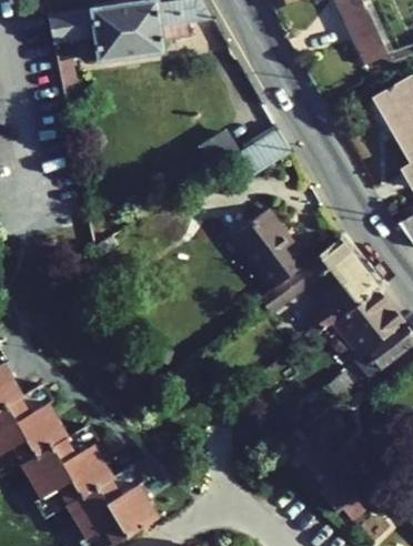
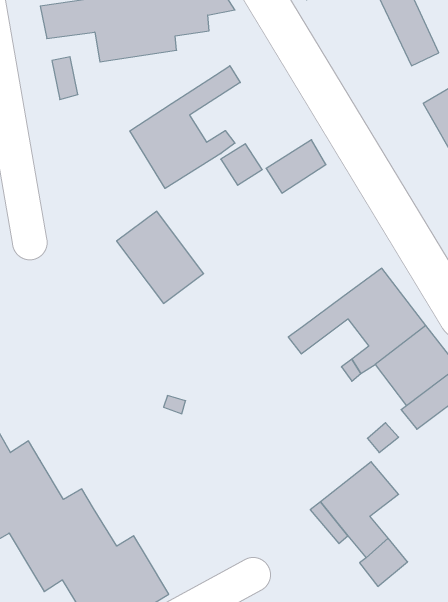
building: none -> [130,66,240,188]
building: [232,210,306,289] -> [117,211,204,303]

